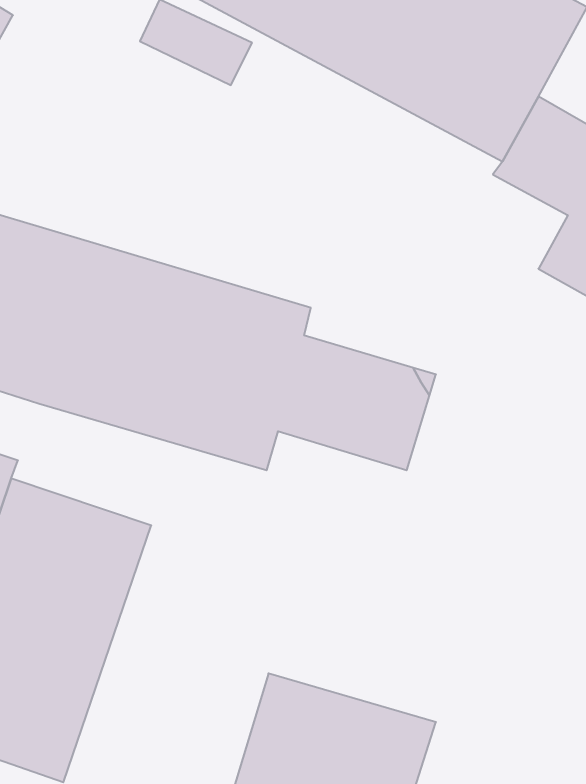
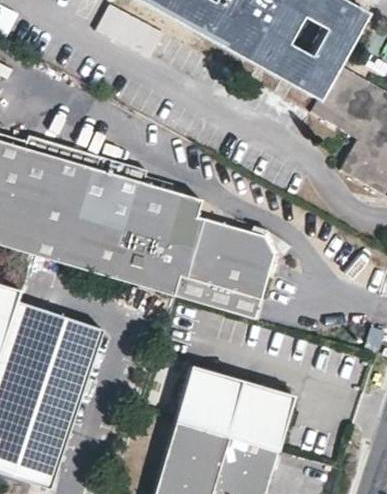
building: none -> [172,271,258,318]
building: none -> [173,364,292,450]

